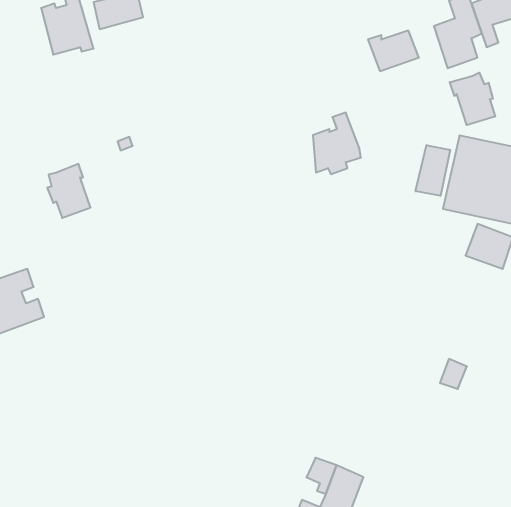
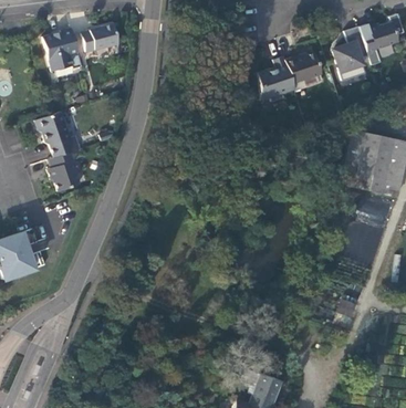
building: [450,73,495,125] -> none
building: none -> [34,111,79,158]
building: [313,113,361,174] -> [258,56,293,102]
building: [416,145,450,196] -> none

